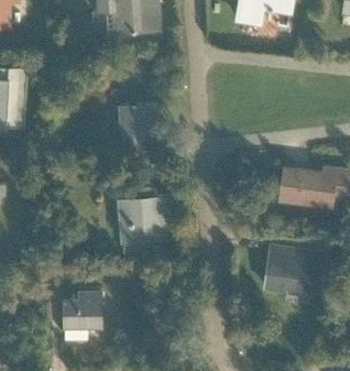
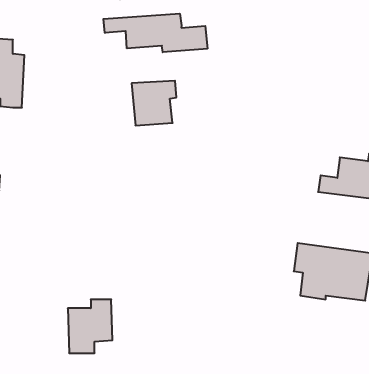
building: none -> [103,14,207,52]
building: [118,188,166,243] -> none

